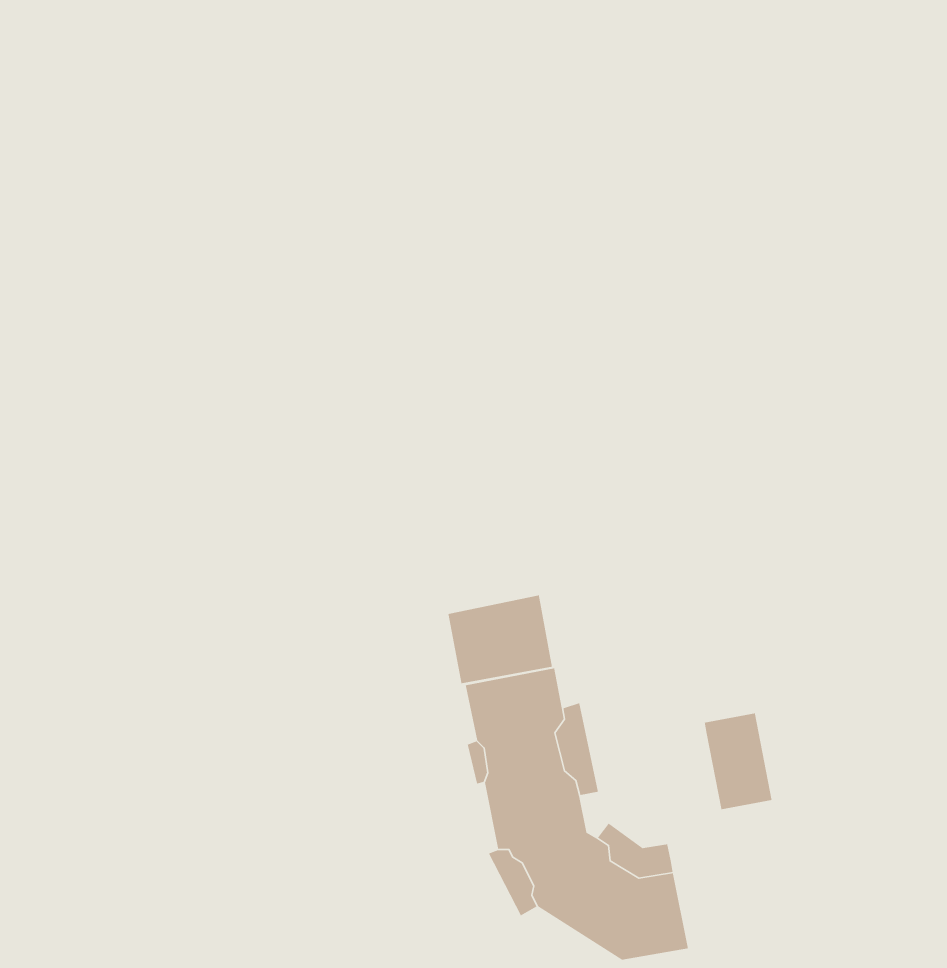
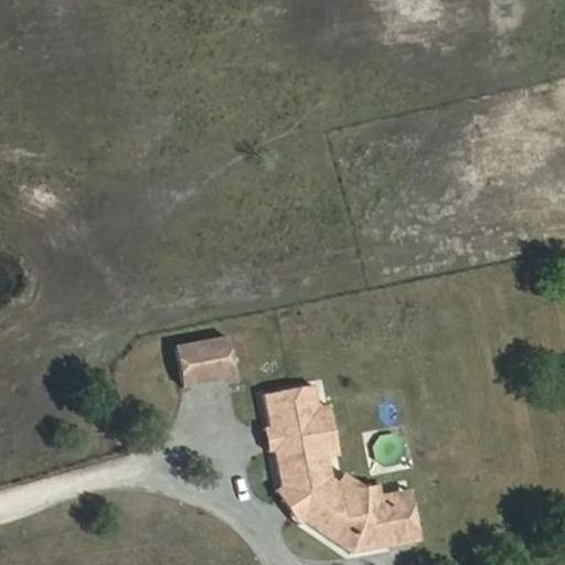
building: [448,594,553,684] -> [180,335,241,387]
building: [704,713,773,810] -> [387,491,427,547]

